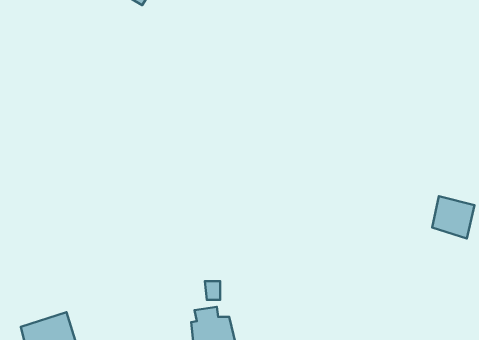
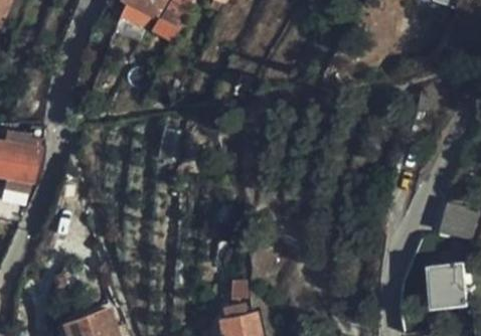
building: none -> [429,264,468,307]

